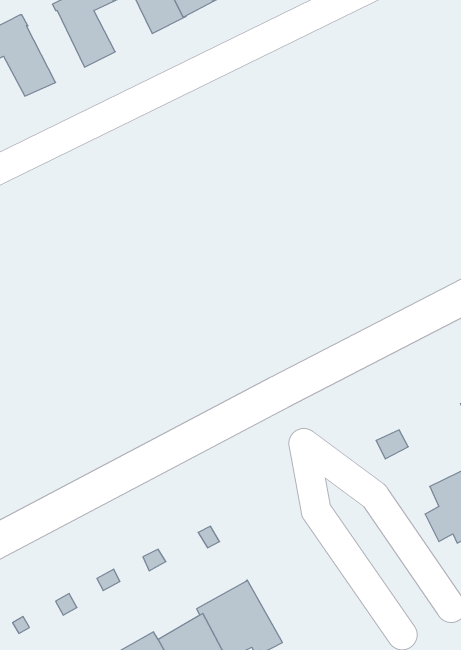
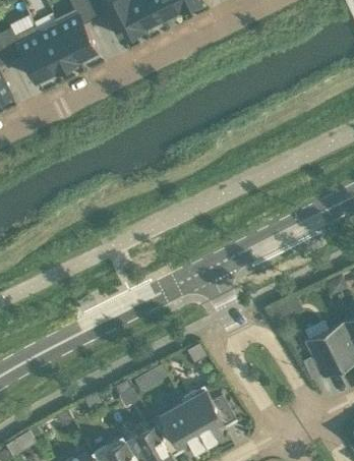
building: none -> [38,24,76,72]
building: none -> [181,387,236,445]

